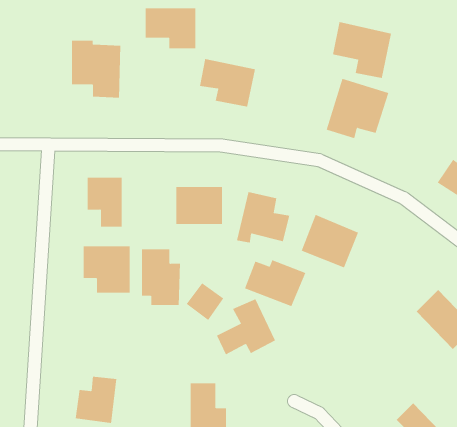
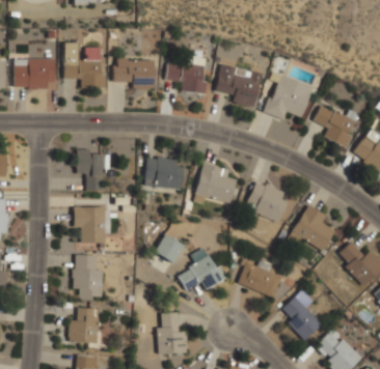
building: [145,8,196,49] -> [114,57,155,89]
building: [332,22,392,78] -> [216,63,263,108]
building: none -> [15,57,56,88]
building: none -> [314,103,359,148]
building: none -> [291,203,334,252]
building: [141,249,181,305] -> [73,252,104,296]
building: [244,260,306,307] -> [238,260,287,297]
building: none -> [279,290,322,340]

